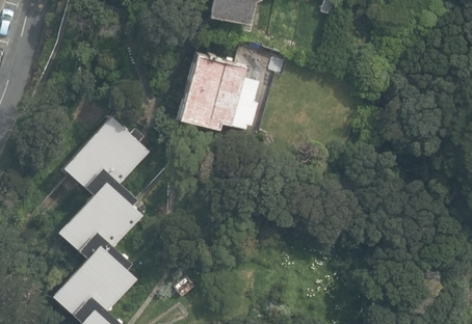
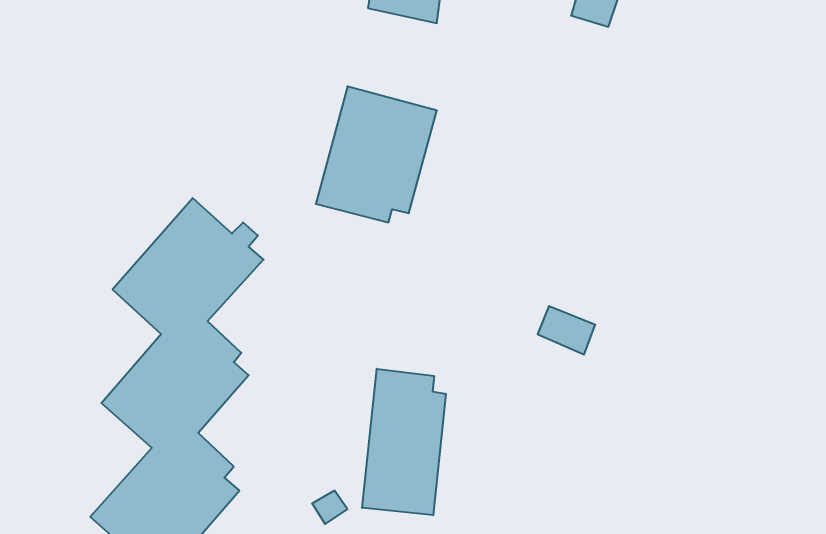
building: none -> [362,369,446,515]

